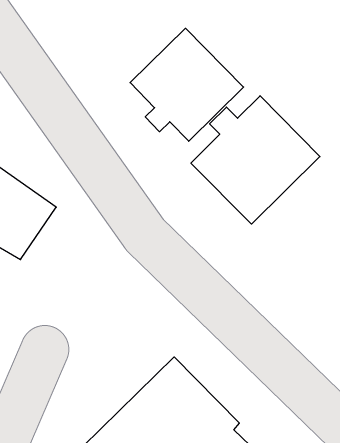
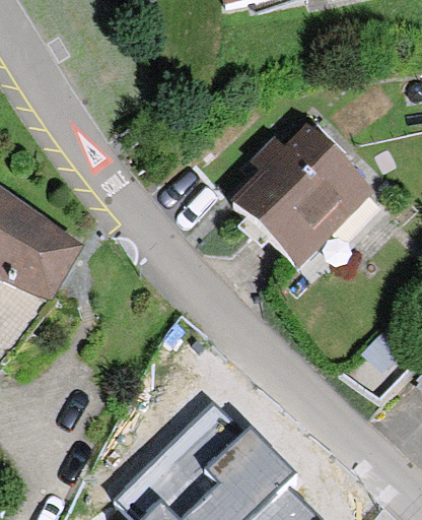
building: [130,28,244,141] -> none

